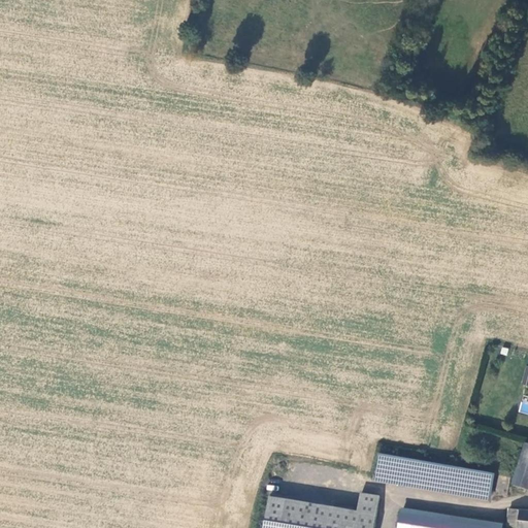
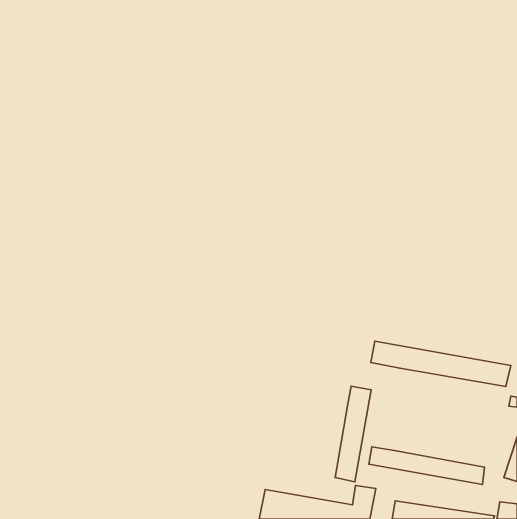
building: none -> [371,341,511,386]
building: none -> [335,386,371,482]

